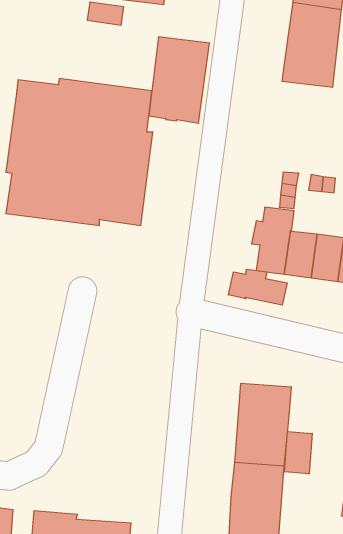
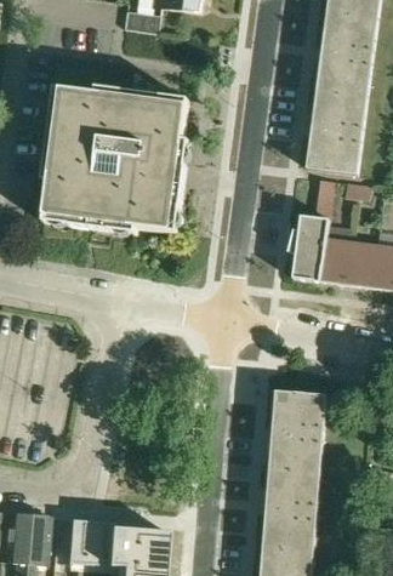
building: [149,37,210,123] -> [308,89,369,175]
building: [228,269,287,305] -> none
building: [285,431,312,474] -> none

